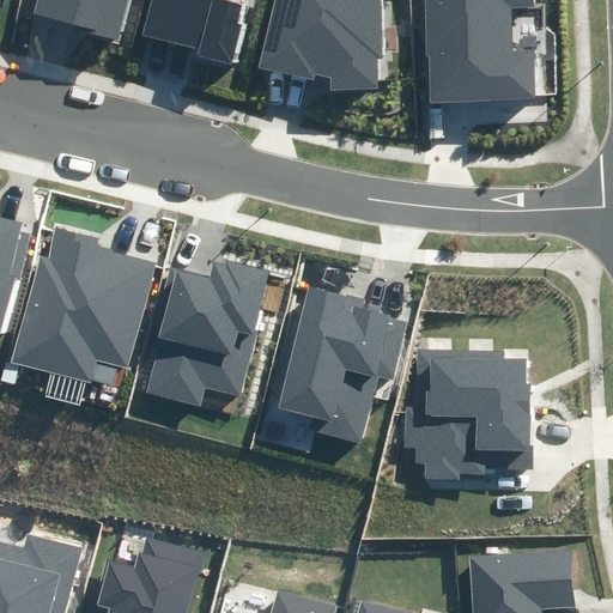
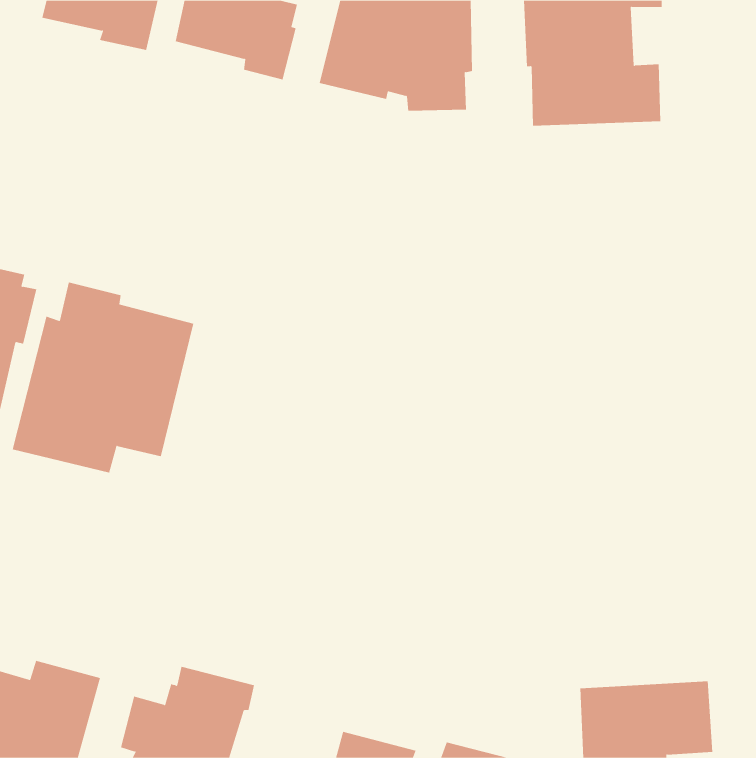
building: [144,259,268,408] -> none
building: [279,287,408,443] -> none
building: [402,348,532,480] -> none

